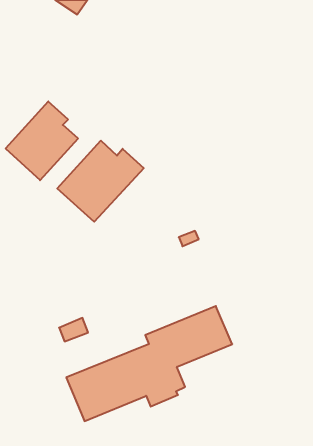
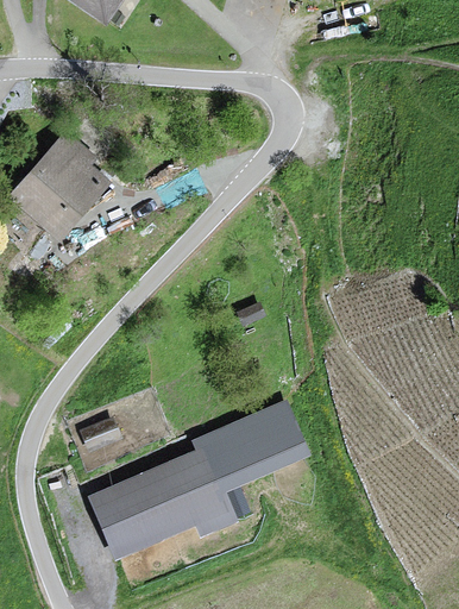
building: [57,141,144,222] -> none

